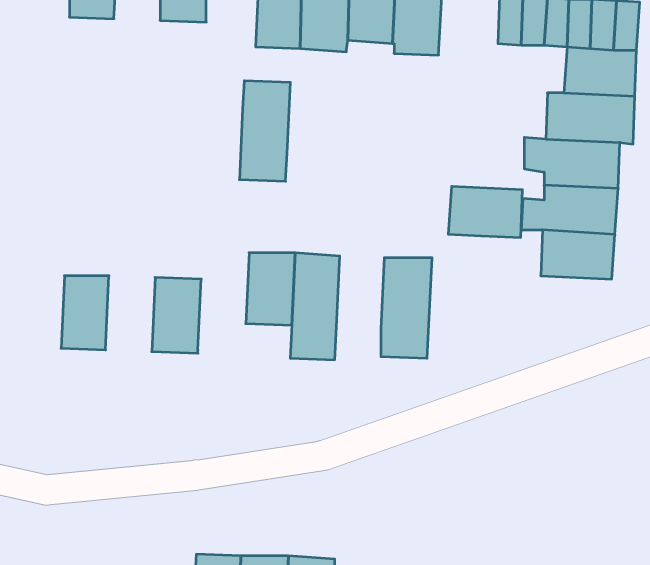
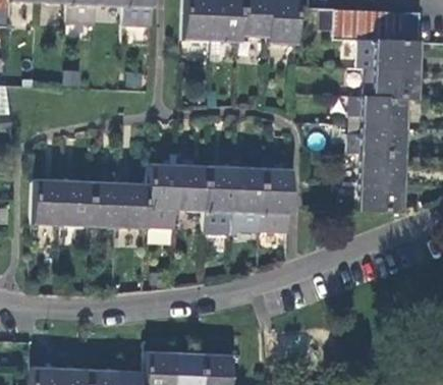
building: [239,81,290,181] -> [147,165,178,227]
building: [448,186,522,237] -> [356,180,402,212]
building: none -> [232,168,262,213]
building: none -> [32,179,64,225]
building: none -> [90,180,120,227]

